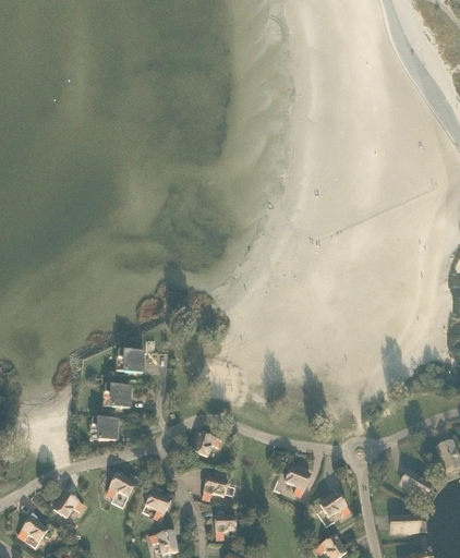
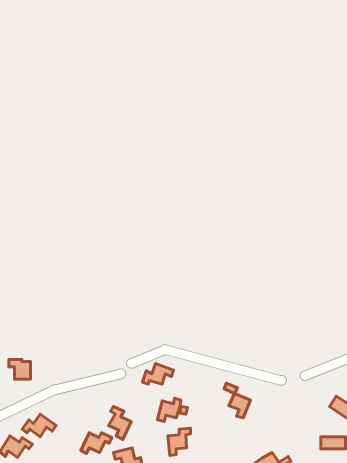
building: [117,350,142,373] -> none
building: [104,385,129,408] -> none
building: [90,417,116,440] -> [9,359,30,379]
building: [106,473,142,497] -> [81,433,112,453]
building: [311,493,349,517] -> none

